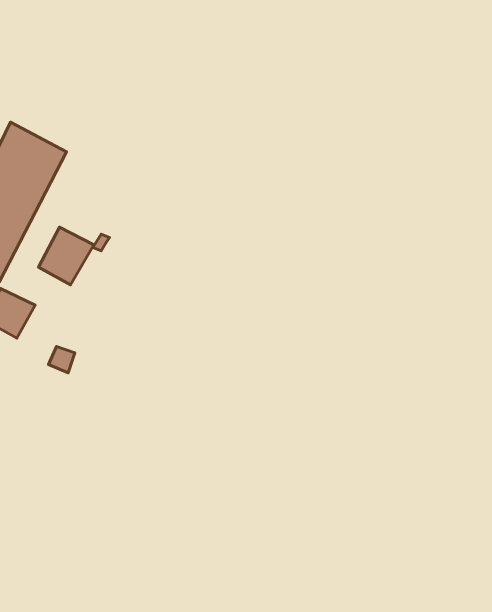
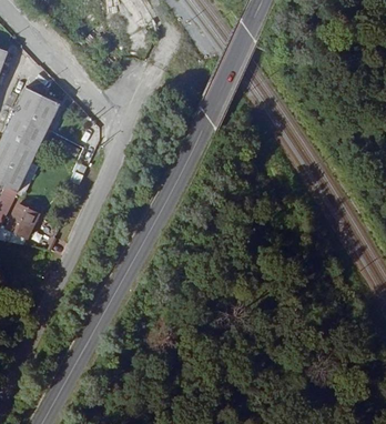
building: [38,227,94,285] -> none

